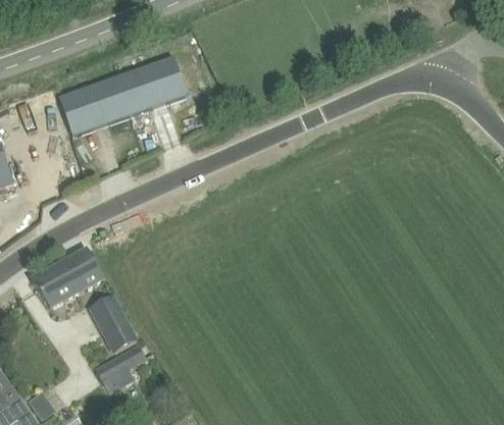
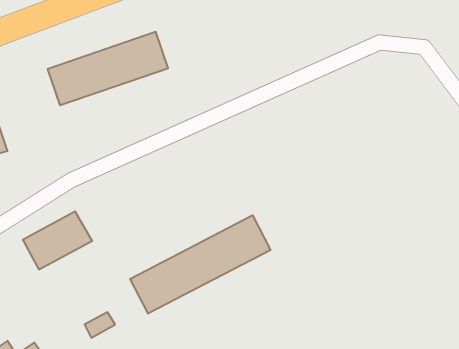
building: none -> [130,215,271,314]
building: [89,295,139,355] -> none

